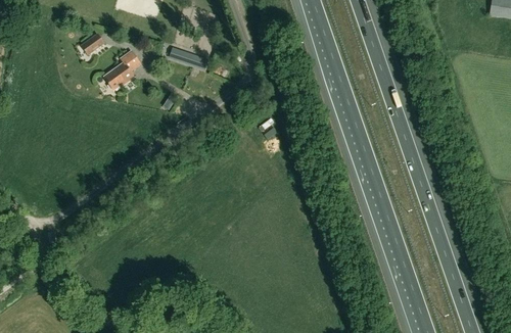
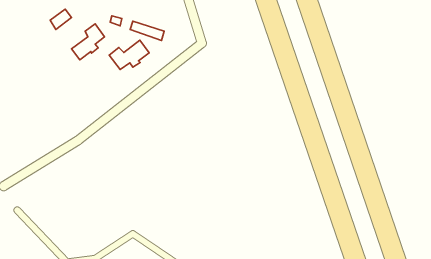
building: none -> [109,40,149,69]

